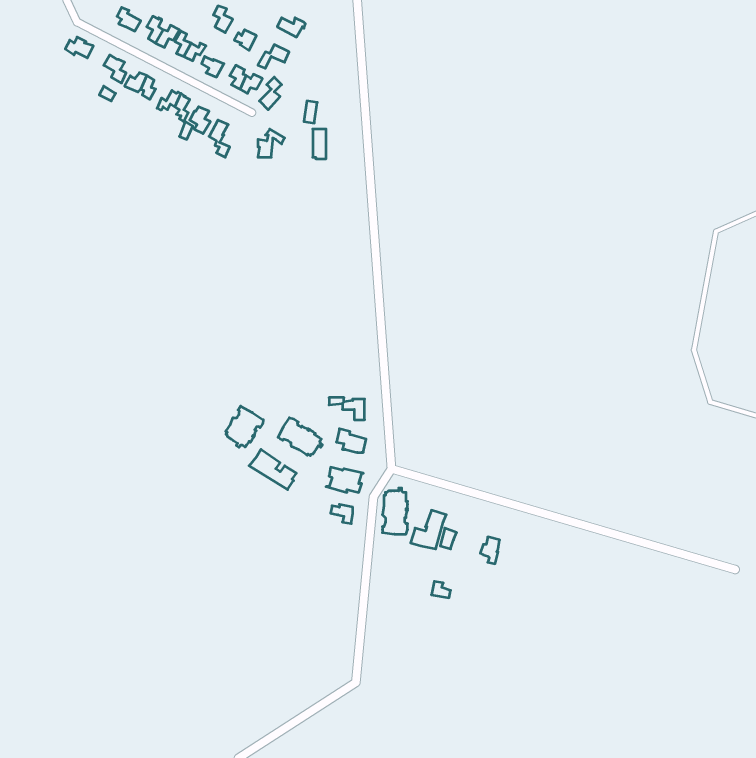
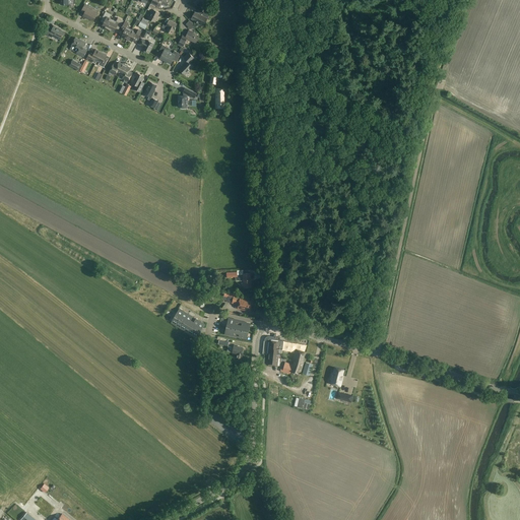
building: [226,406,263,447] -> none
building: [278,418,322,456] -> none

